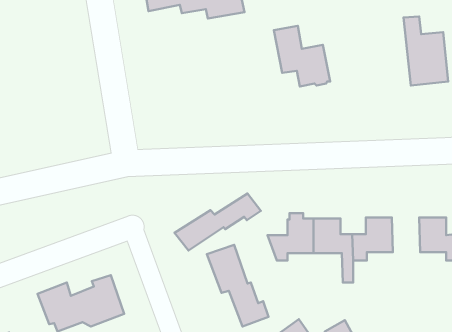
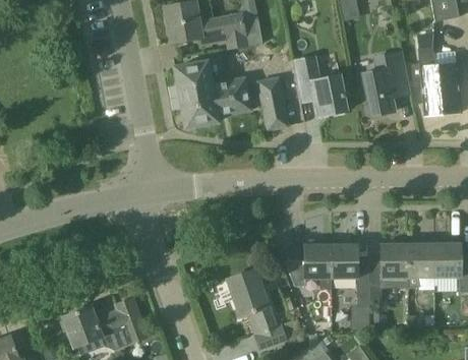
building: none -> [362,53,409,117]
building: none -> [174,62,249,129]
building: none -> [257,76,290,131]
building: [175,194,261,251] -> none
building: none -> [407,243,434,287]

